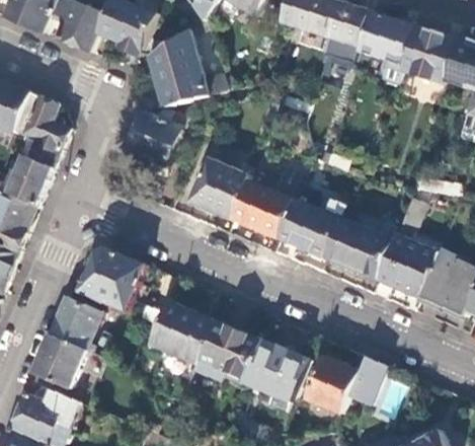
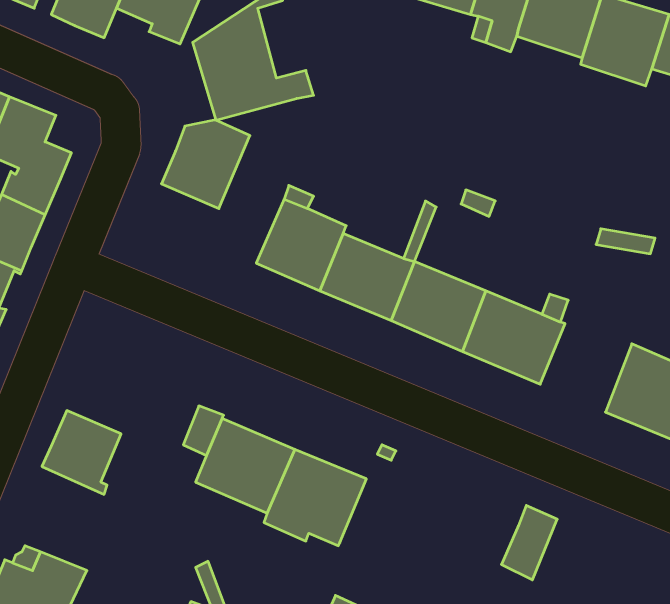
building: [374,199,433,297] -> none
building: [78,248,144,311] -> none
building: [32,332,89,387] -> none
building: [243,341,309,403] -> none
building: [306,356,360,414] -> none

